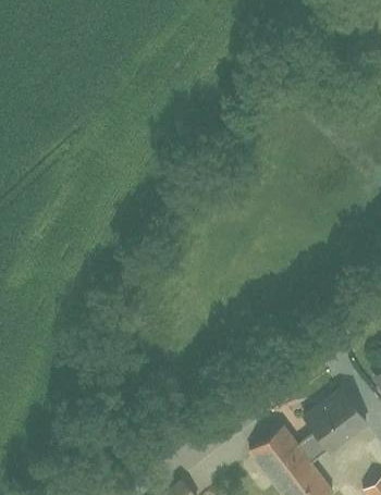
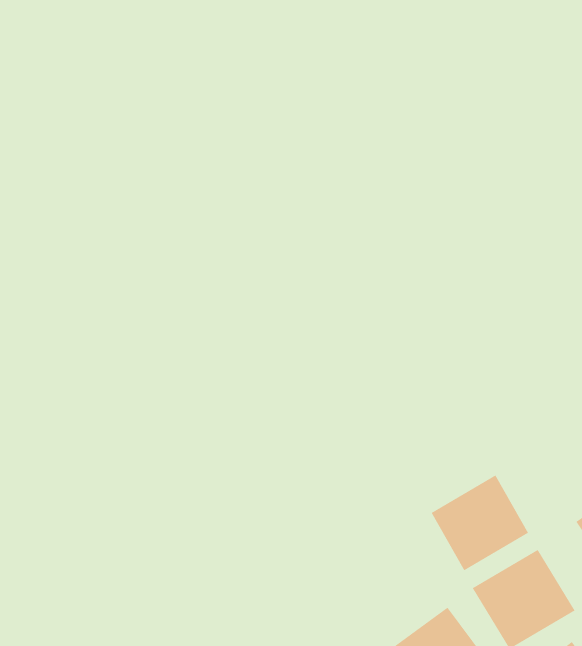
building: none -> [431,474,529,571]

